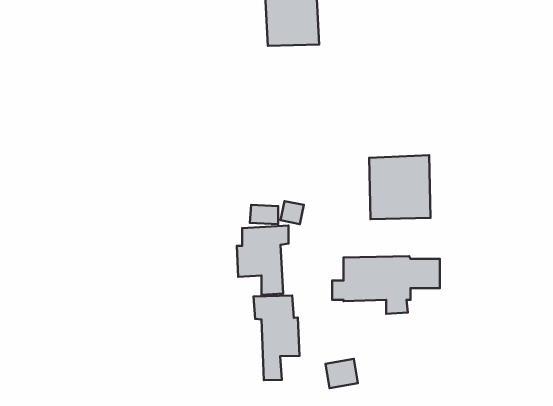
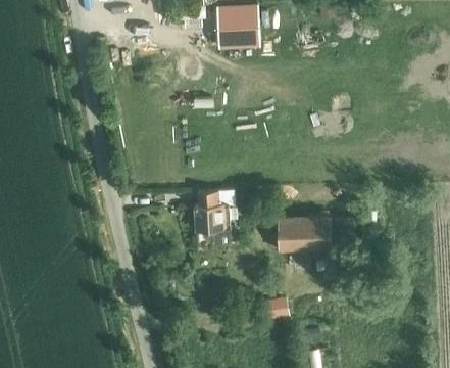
building: [369,155,430,219] -> none
building: [254,296,300,380] -> none

